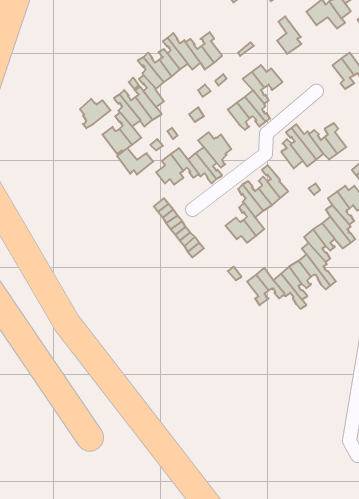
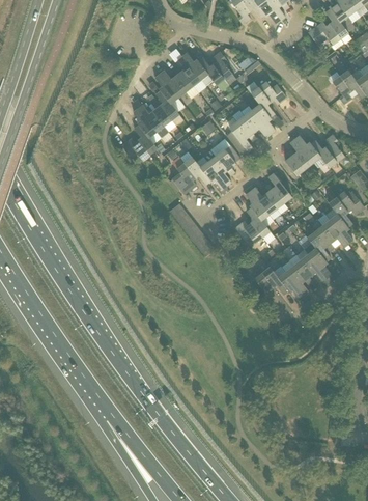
building: [277,16,301,54] -> none
building: [80,99,111,128] -> none
building: none -> [226,121,253,154]
building: [117,148,153,175] -> none

